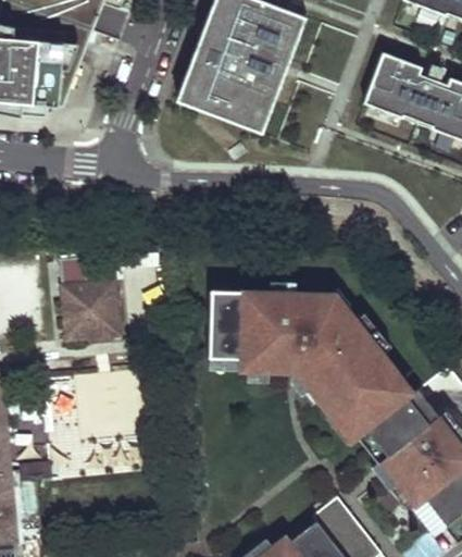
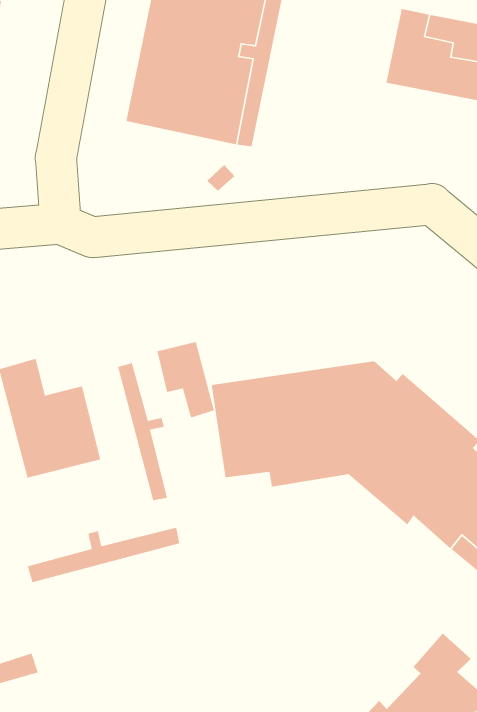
building: none -> [157,341,215,419]
building: none -> [117,362,168,501]
building: none -> [27,527,180,583]

